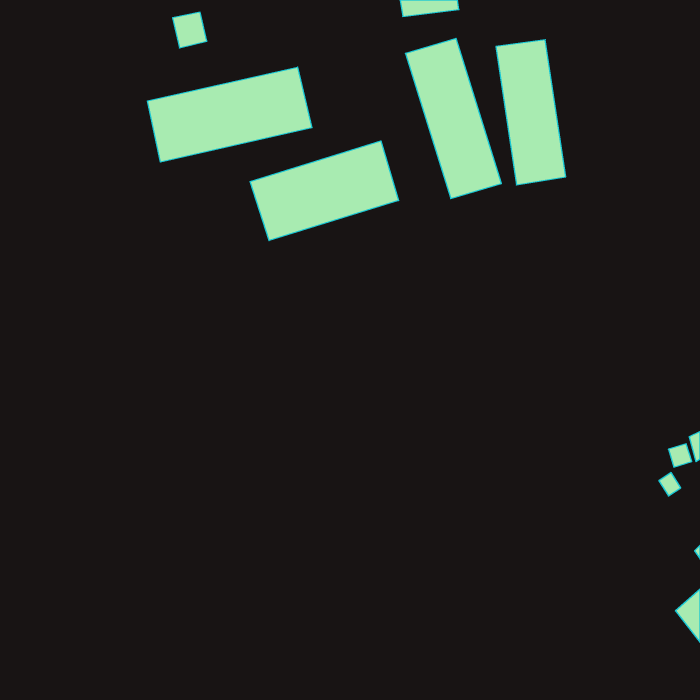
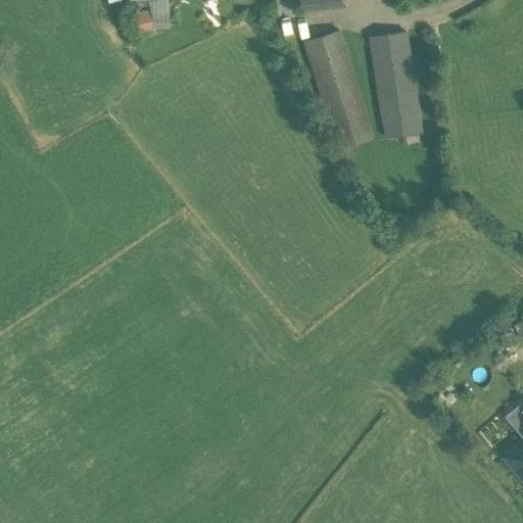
building: [148,67,312,162] -> none
building: [250,141,399,241] -> none

